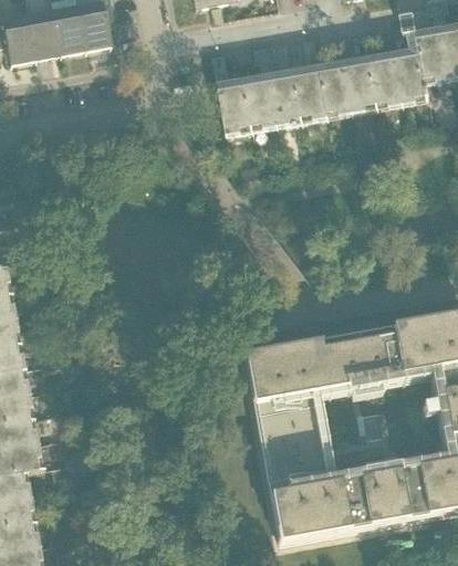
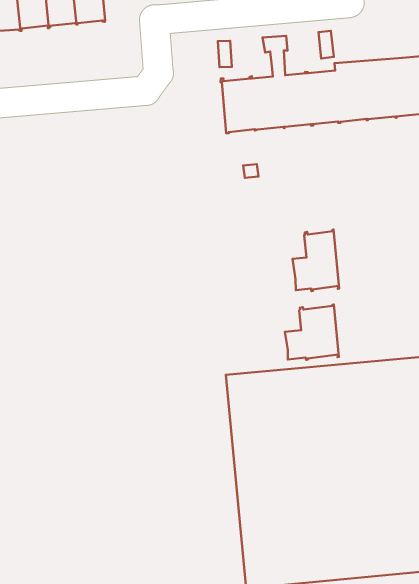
building: none -> [293,229,339,291]
building: none -> [285,304,339,360]

